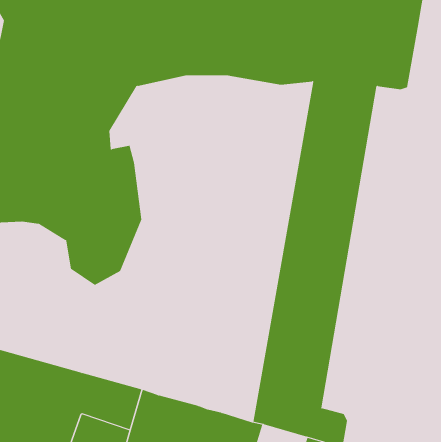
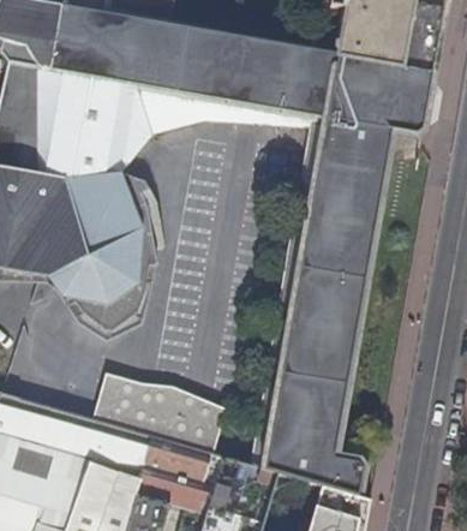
building: none -> [88,372,220,454]

